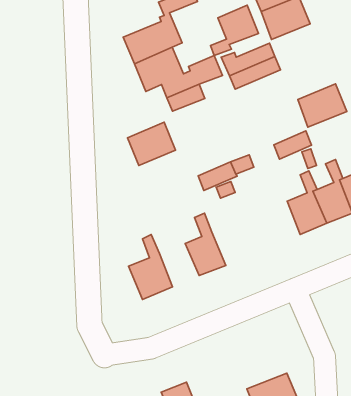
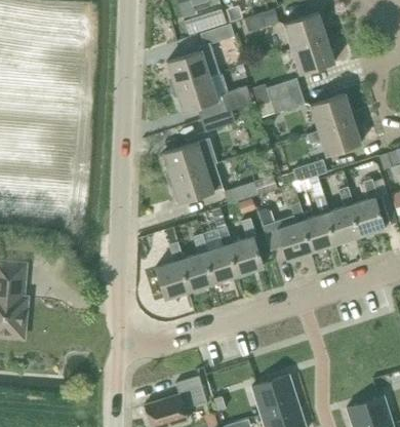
building: [211,5,259,55] -> none
building: none -> [310,94,353,130]
building: none -> [171,164,223,203]
building: none -> [263,202,311,260]
building: none -> [232,219,263,274]
building: none -> [184,234,217,289]

